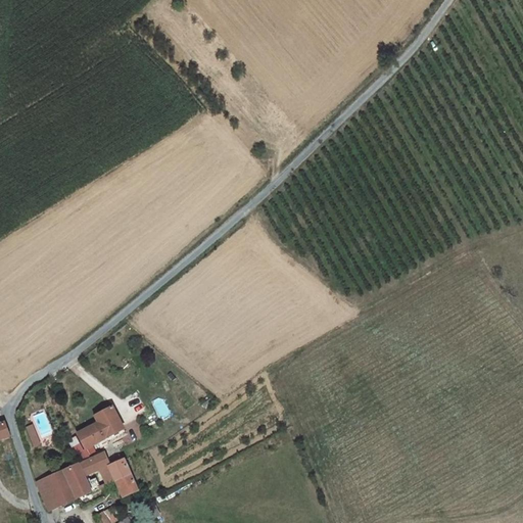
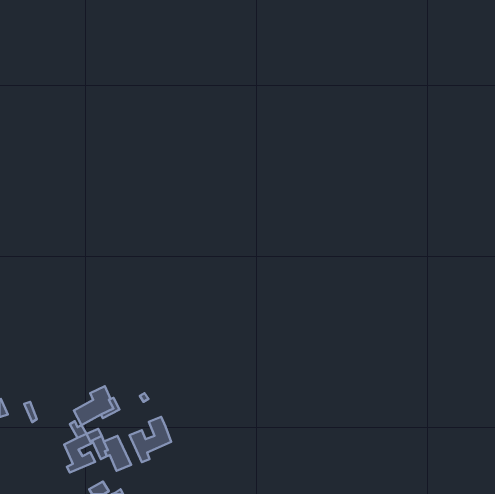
building: none -> [129,417,171,462]
building: [38,468,77,509] -> none

